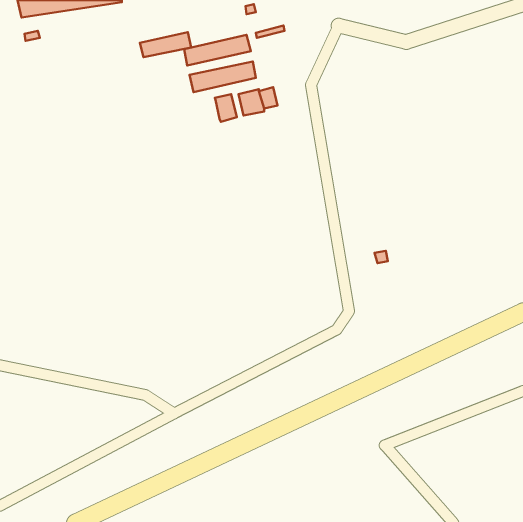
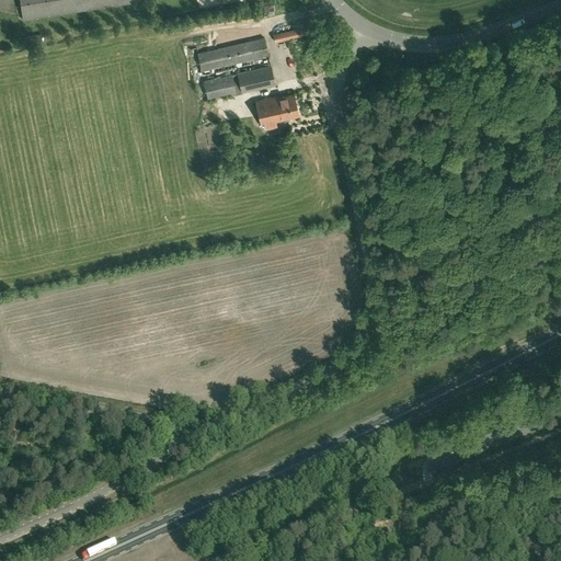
building: [140,32,191,57] -> none
building: [215,94,237,122] -> none

